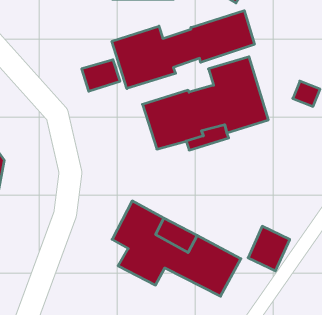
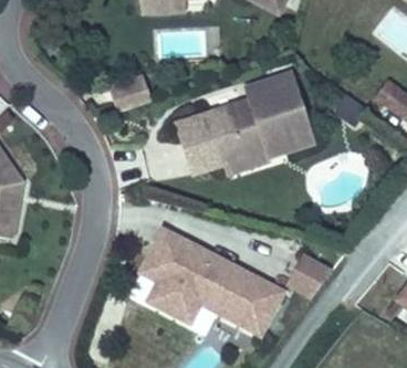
building: [112,11,254,89] -> none

